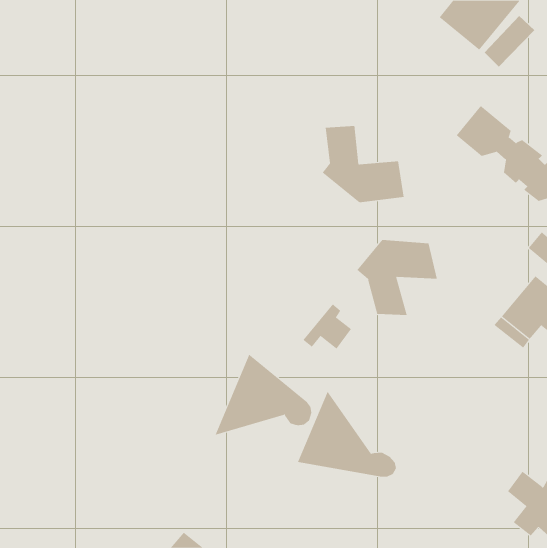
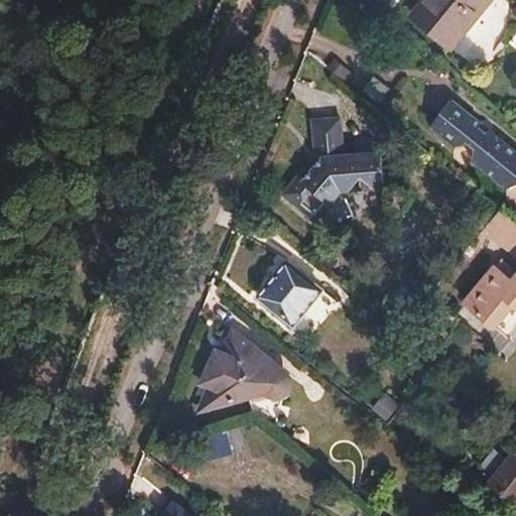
building: none -> [279,162,339,220]
building: [357,239,437,316] -> none
building: none -> [258,262,313,319]
building: [297,391,397,477] -> none

